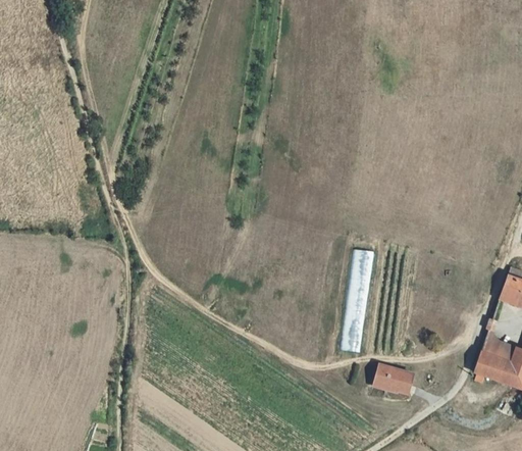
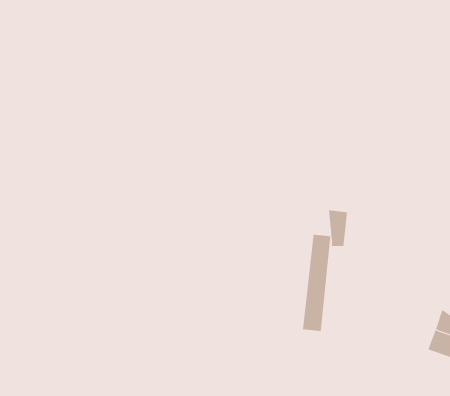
building: none -> [329,209,347,247]
building: [367,370,406,401] -> none

